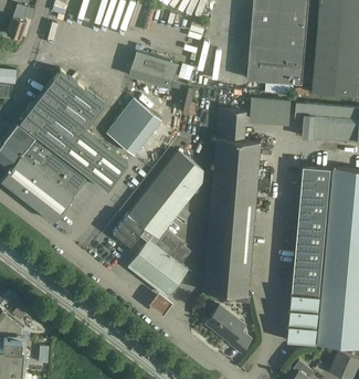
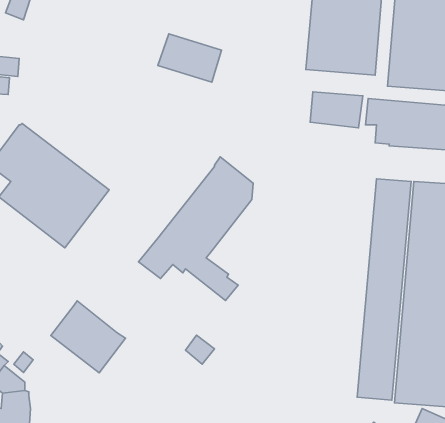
building: [19,70,127,190] -> none
building: [105,98,161,156] -> none
building: [202,109,260,296] -> none
building: [128,239,188,296] -> [51,301,125,373]
building: [205,306,251,352] -> none

